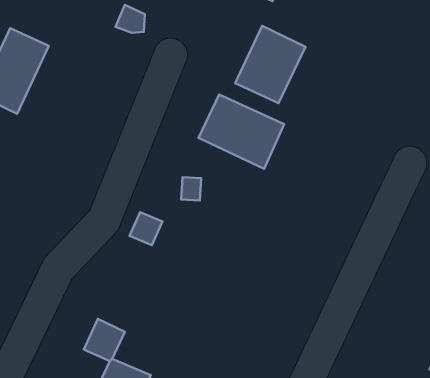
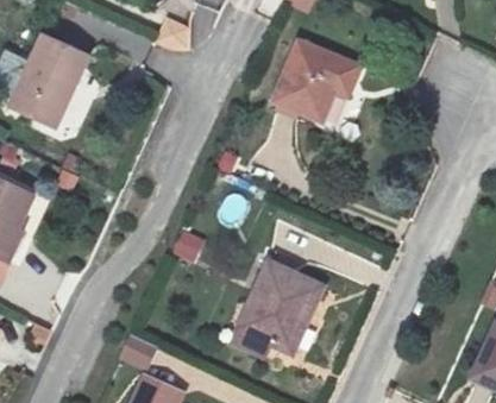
building: [198,94,284,169] -> none
building: none -> [244,265,326,352]

